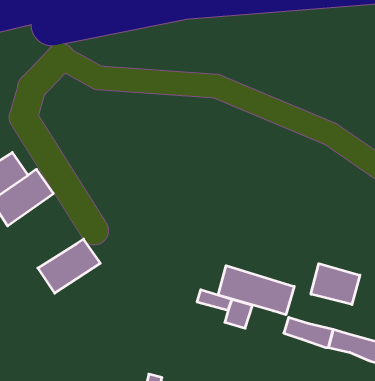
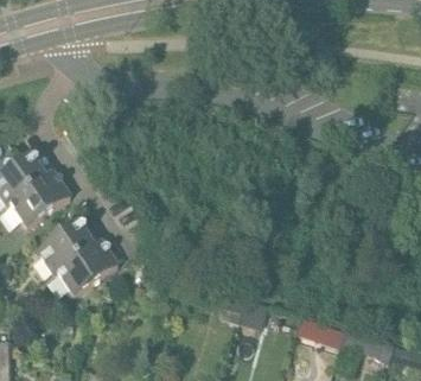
building: none -> [36,222,94,272]
building: [311,264,360,305] -> none
building: [218,266,294,315] -> none

